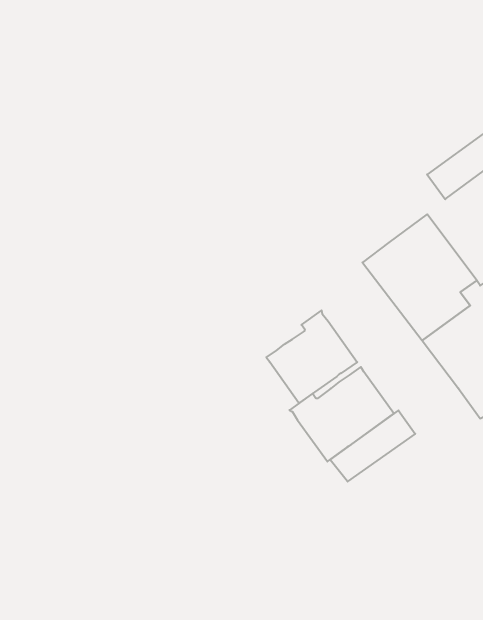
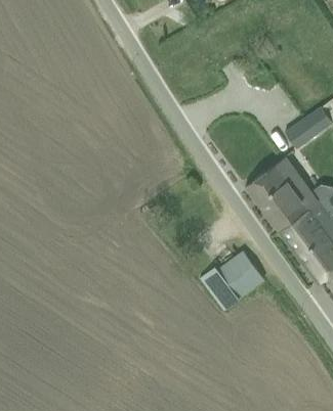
building: [266,310,357,403] -> none
building: [330,410,415,482] -> none

